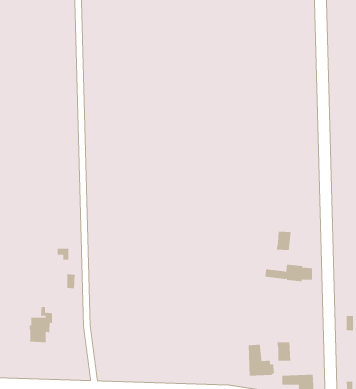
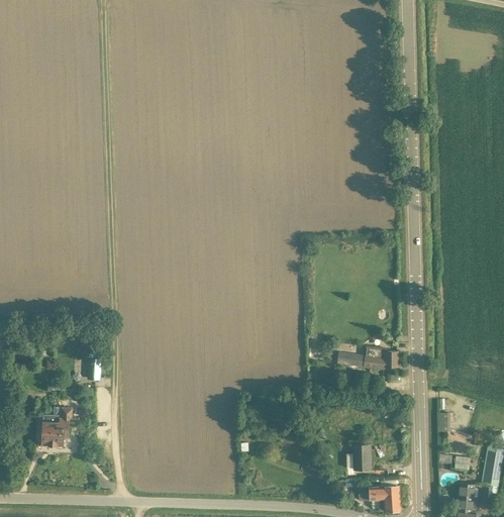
building: [276,231,291,251] -> none
building: [248,344,274,376] -> none

